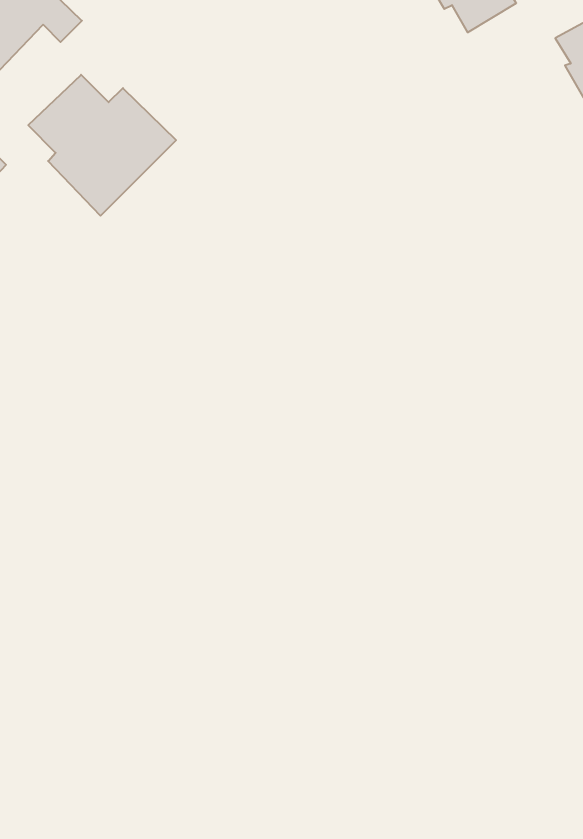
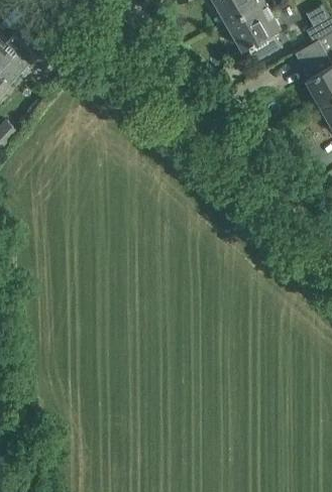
building: [28,75,176,216] -> none

